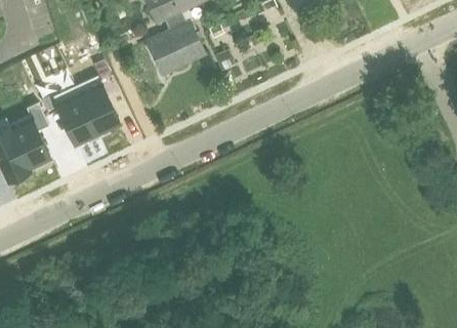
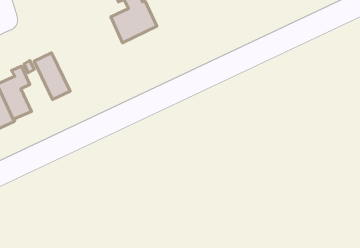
building: [76,76,121,133] -> none

